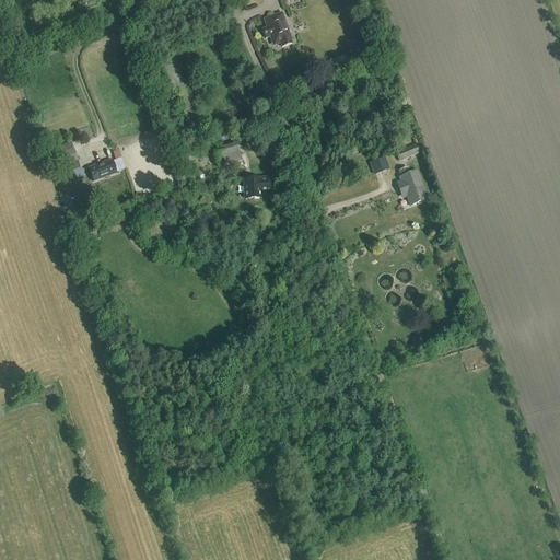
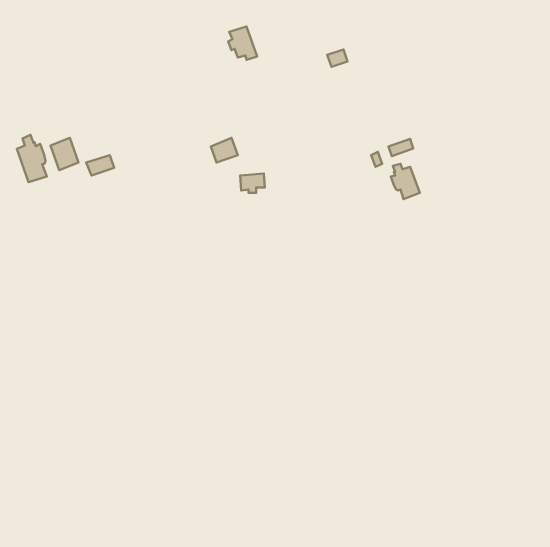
building: [262,11,292,45] -> [228,26,257,60]
building: none -> [17,135,47,182]

